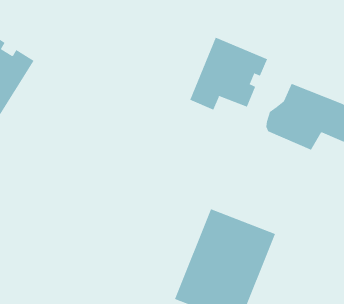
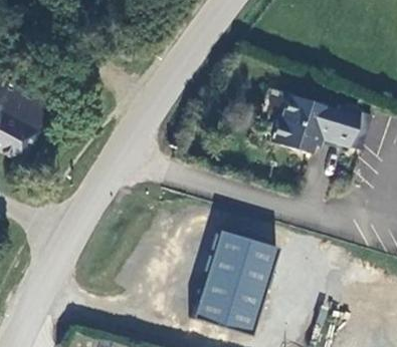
building: [189,37,268,111] -> none

